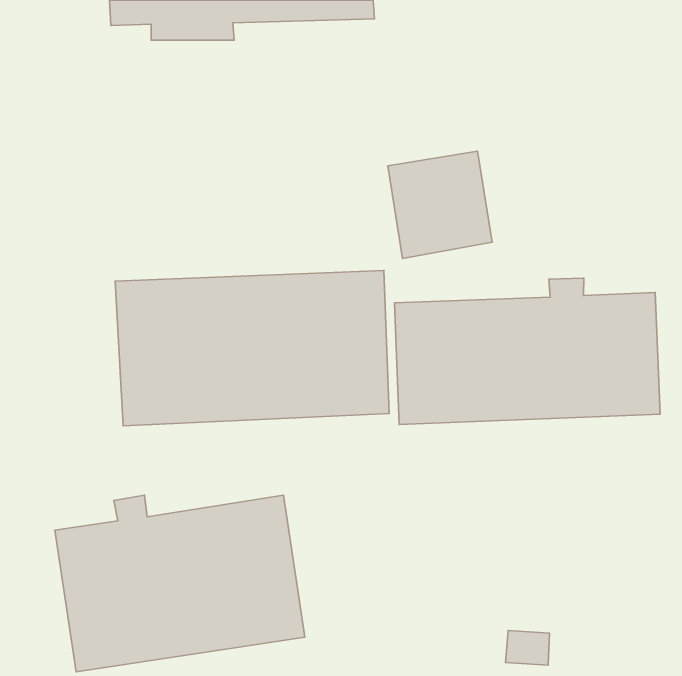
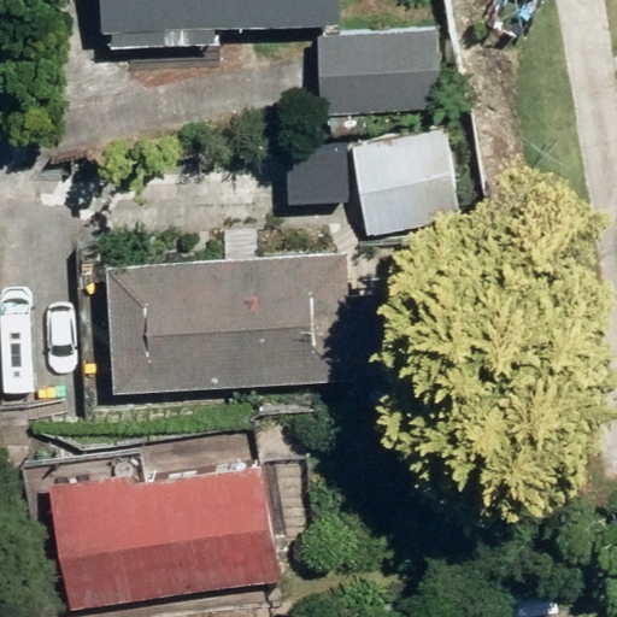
building: none -> [318,35,437,117]
building: [394,278,660,424] -> none

